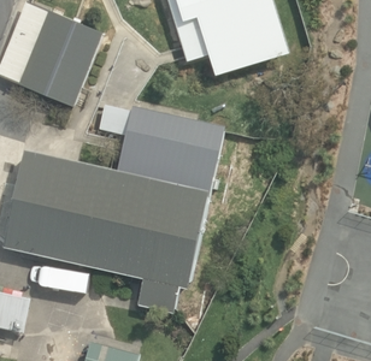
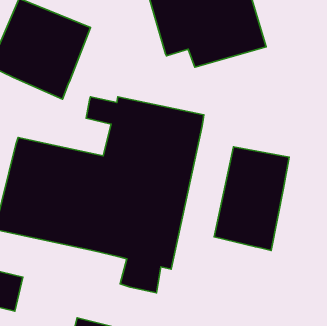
building: none -> [214,147,289,250]

